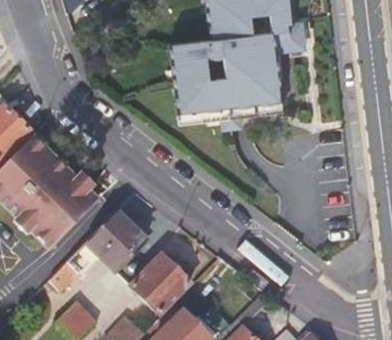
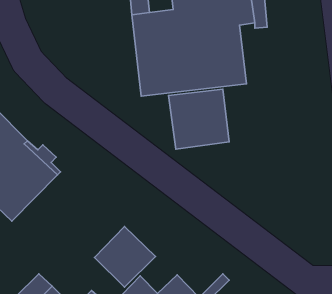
building: none -> [168,89,229,149]
building: [50,210,150,288] -> none

